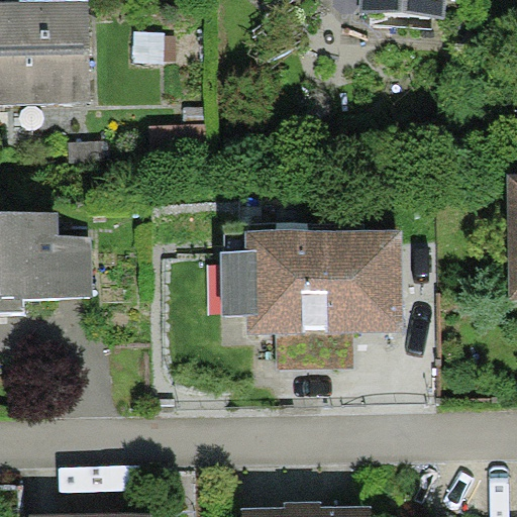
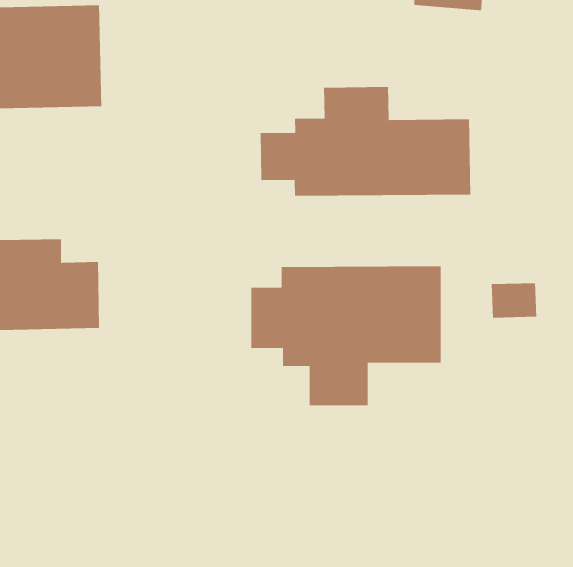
building: none -> [260,86,471,196]

